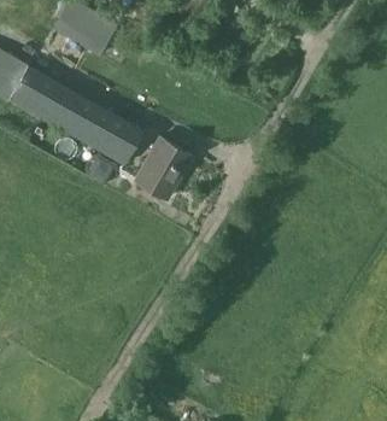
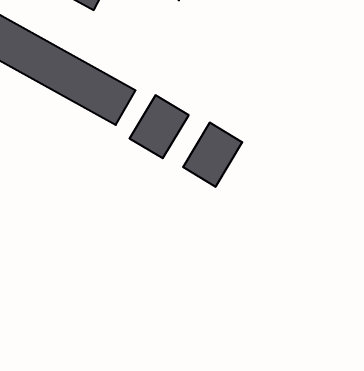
building: none -> [183,122,242,187]

